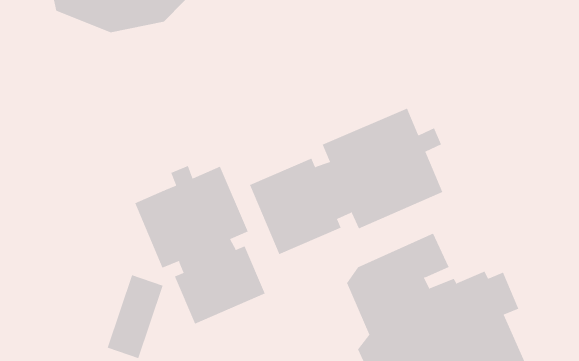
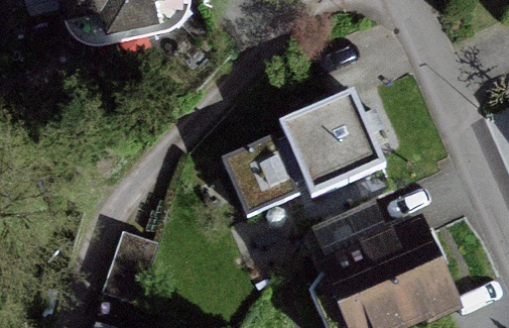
building: [134,165,265,324] -> none

